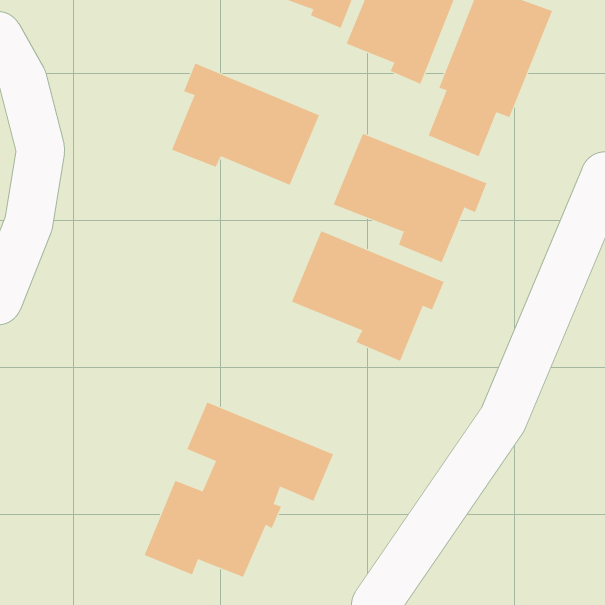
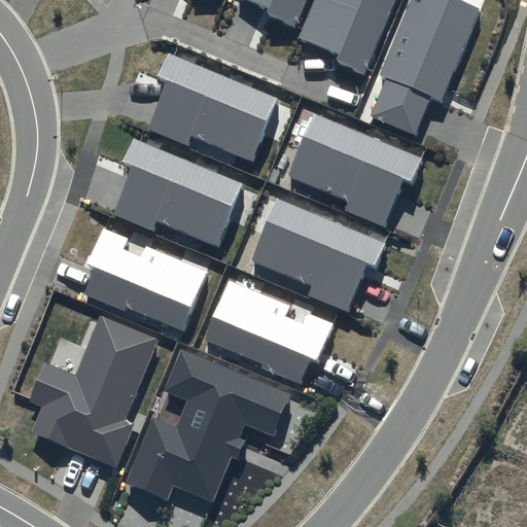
building: none -> [114,140,243,246]
building: none -> [84,230,207,330]
building: none -> [206,282,332,385]
building: none -> [27,313,155,465]

